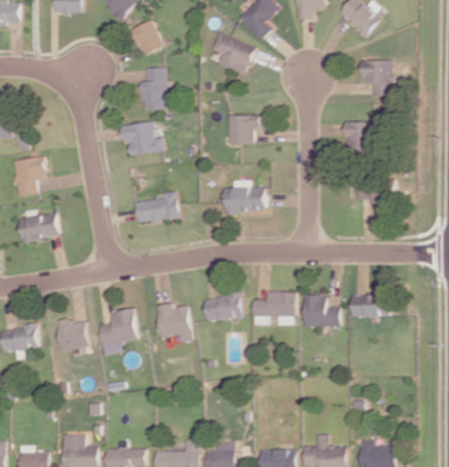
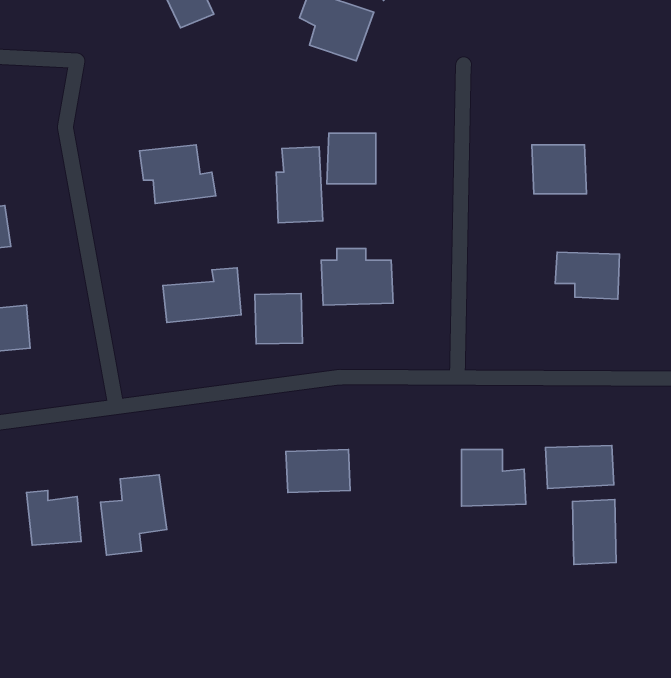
building: [360,60,392,96] -> none
building: [141,67,168,110] -> [276,147,323,223]
building: none -> [255,294,303,344]
building: [251,291,293,325] -> none
building: [153,302,190,341] -> none
building: none -> [572,499,616,565]

